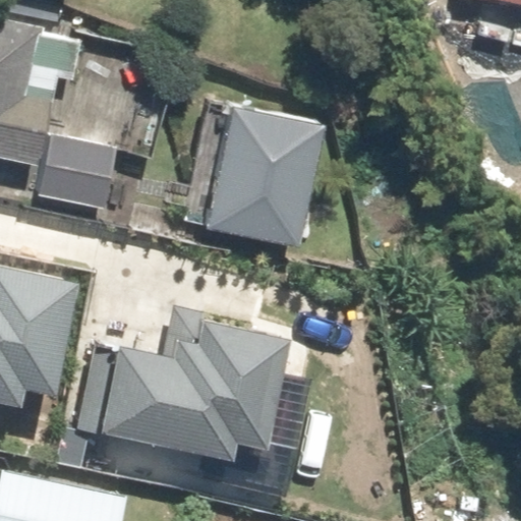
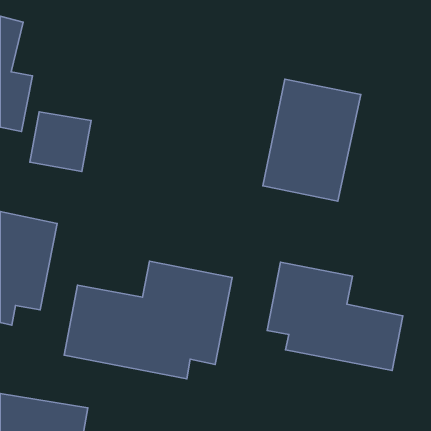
building: [204,105,321,250] -> [263,79,361,201]
building: none -> [267,262,403,371]

